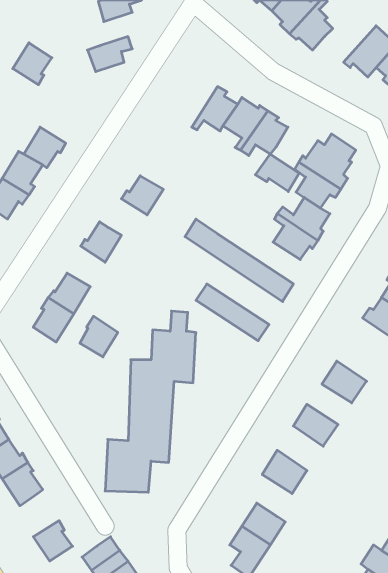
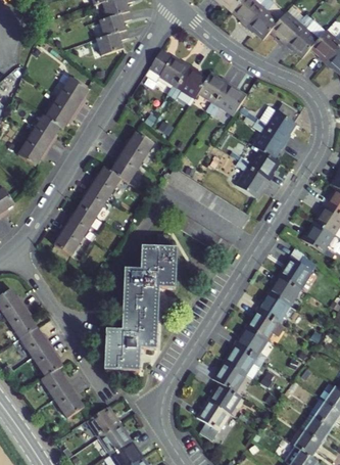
building: none -> [273,6,311,47]
building: none -> [98,9,131,35]
building: [13,43,52,85] -> [58,77,88,108]
building: none -> [143,48,192,96]
building: [255,154,299,192] -> none
building: none -> [109,150,139,182]
building: [80,316,118,357] -> [79,186,107,217]
building: none -> [282,250,315,288]
building: none -> [259,290,293,321]
building: none -> [237,322,272,359]
building: none -> [214,359,248,390]
building: none -> [39,373,72,406]

